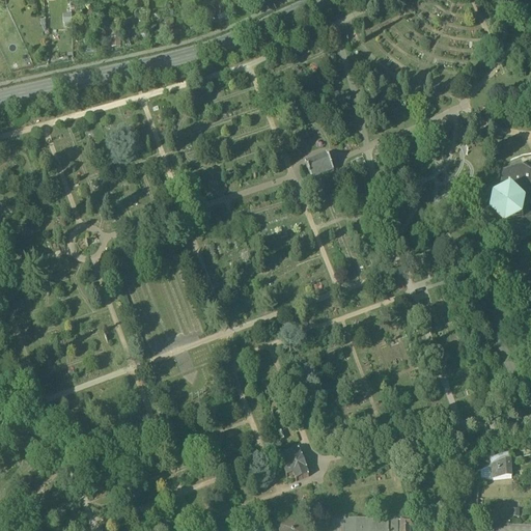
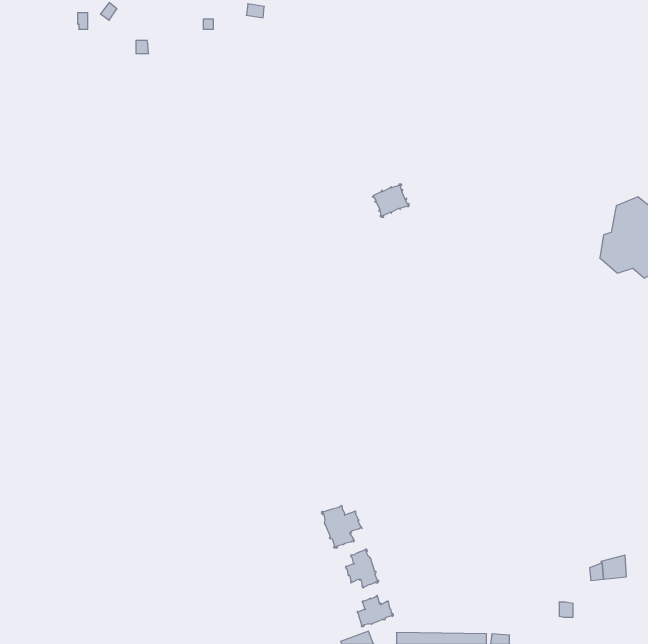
building: none -> [322,505,362,548]
building: none -> [357,595,393,627]

